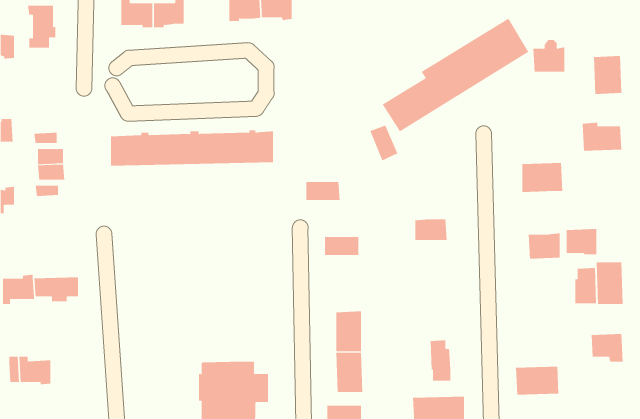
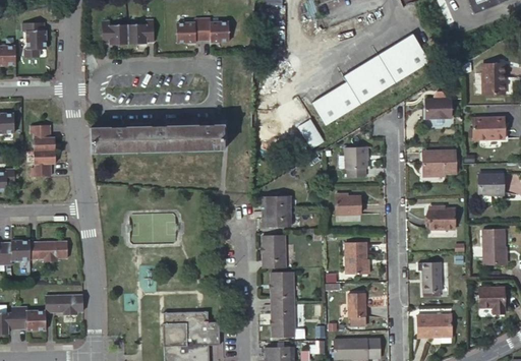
building: [532,39,565,72] -> [424,92,451,118]
building: none -> [349,146,371,177]
building: [305,182,341,200] -> [264,194,292,209]
building: [566,228,597,255] -> [478,174,504,195]
building: none -> [264,234,285,266]
building: [574,267,597,304] -> [423,261,442,291]
building: none -> [346,241,368,274]
building: none -> [42,292,81,314]

